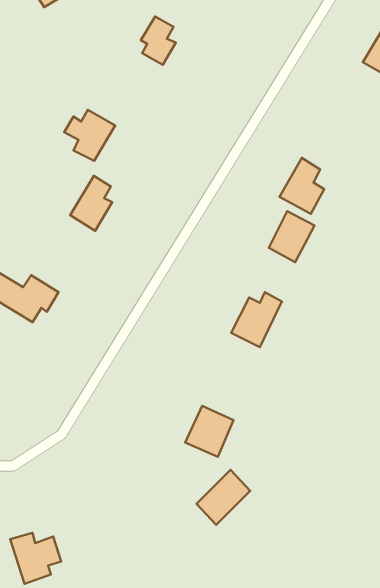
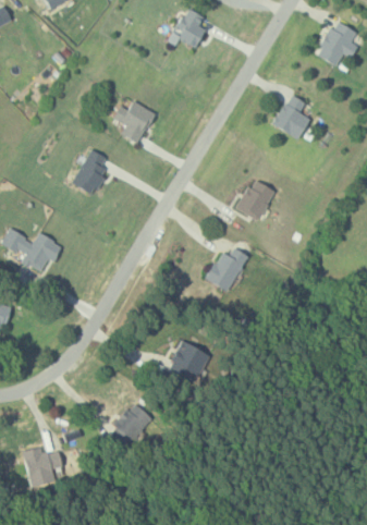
building: [141,17,176,65] -> [176,8,206,48]
building: [64,110,115,161] -> [113,100,156,143]
building: [280,158,324,214] -> [272,93,309,139]
building: [196,470,250,525] -> [108,403,152,449]

